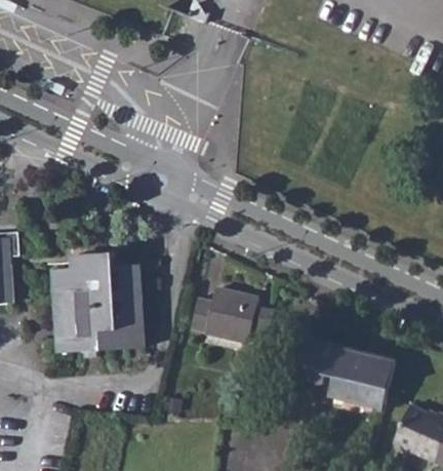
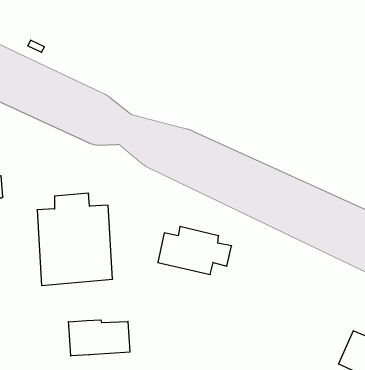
building: [293,337,394,410] -> none
building: none -> [68,320,130,356]

